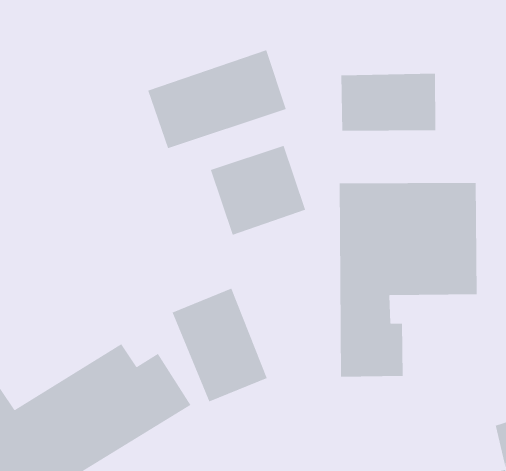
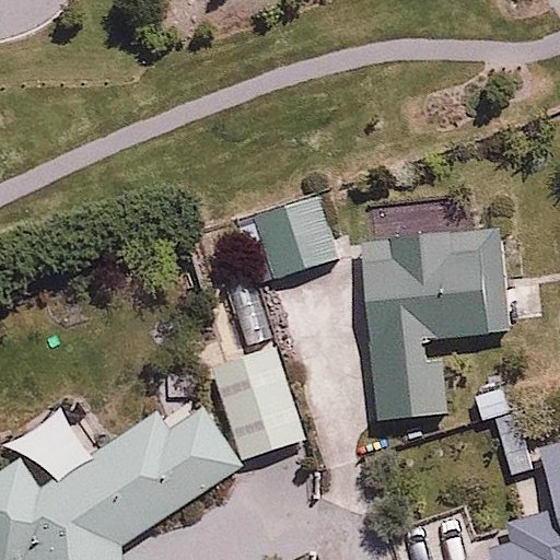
building: [147,49,287,149] -> none
building: [341,73,436,131] -> none

